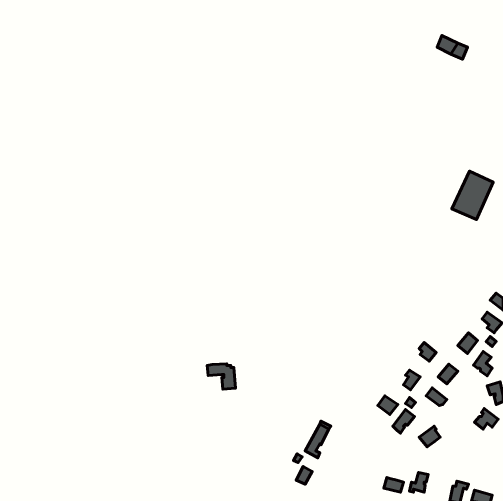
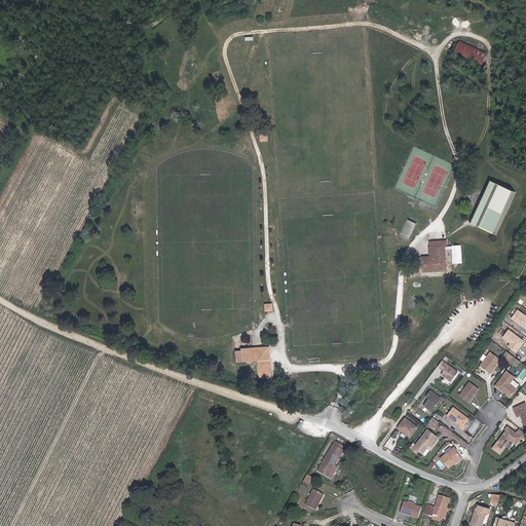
building: none -> [421,248,444,272]
building: [207,364,236,389] -> [241,349,271,376]

